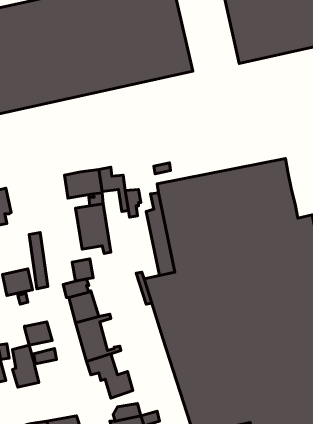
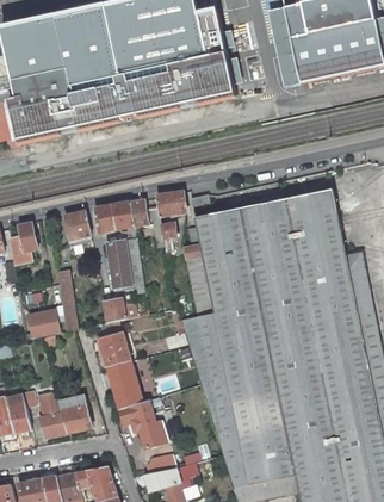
building: none -> [156,190,185,215]
building: none -> [64,209,92,244]
building: [25,322,52,345] -> [62,405,92,430]

